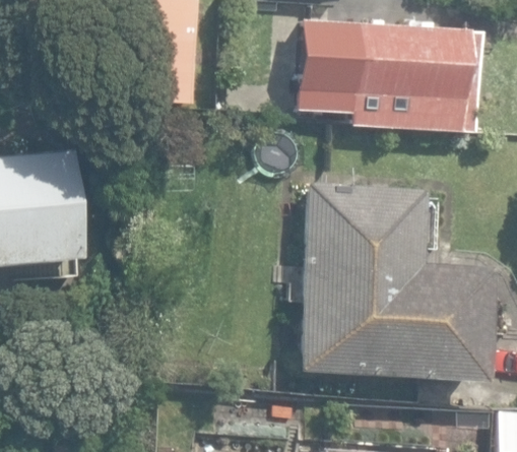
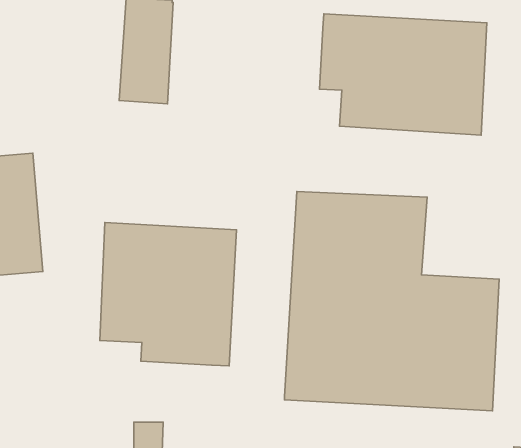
building: none -> [100,222,236,366]

